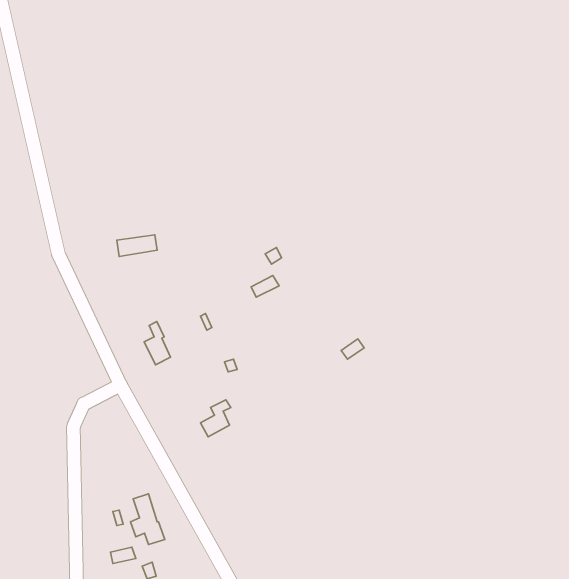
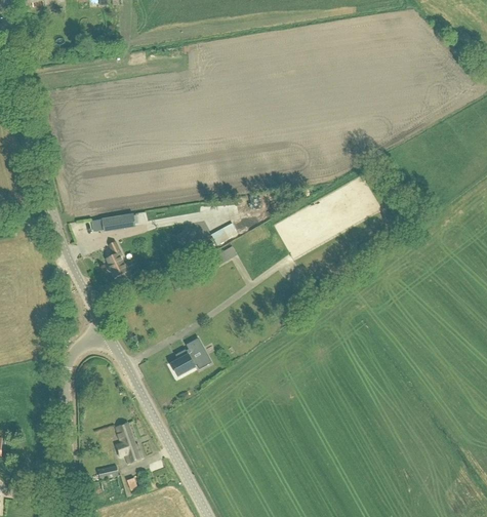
building: [144,322,171,365] -> [105,242,126,277]

